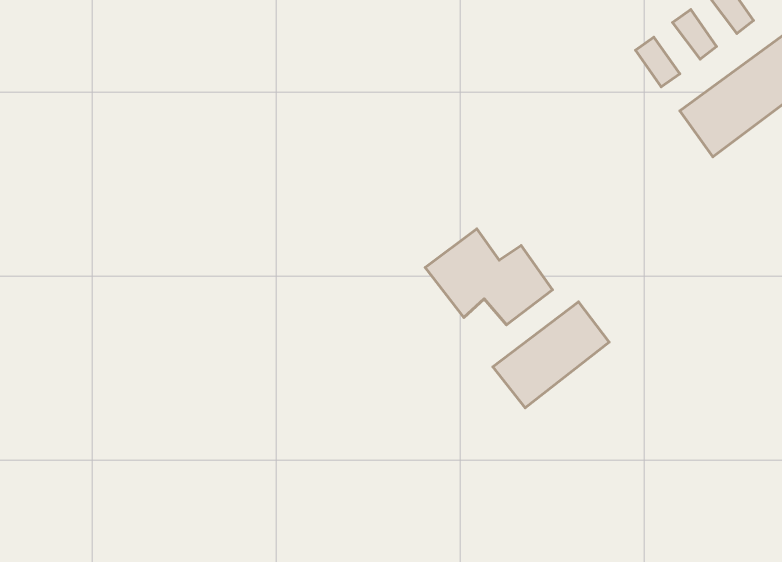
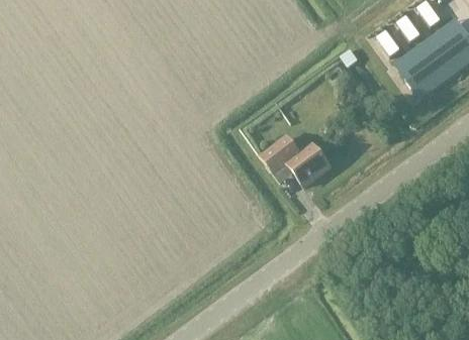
building: [493,302,609,408] -> none

